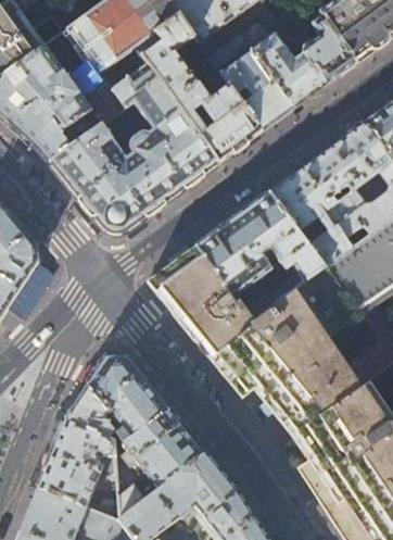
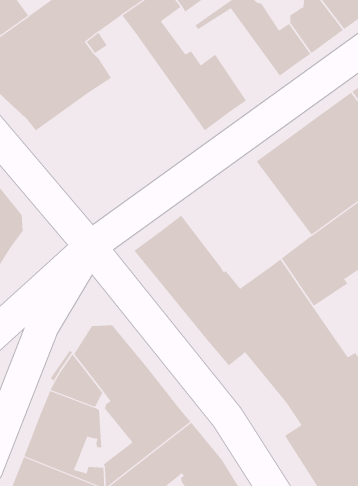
building: [212,38,293,129] -> none
building: [50,62,218,230] -> none
building: [195,190,325,294] -> none

